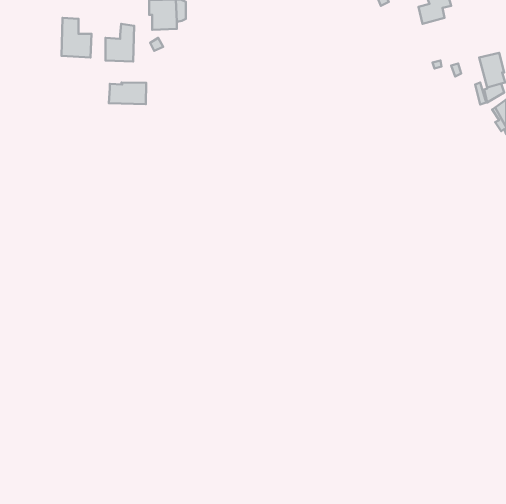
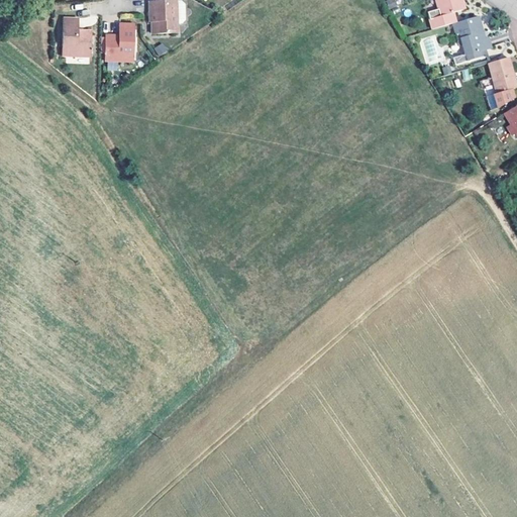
building: none -> [452,13,489,60]
building: [109,83,146,104] -> none

